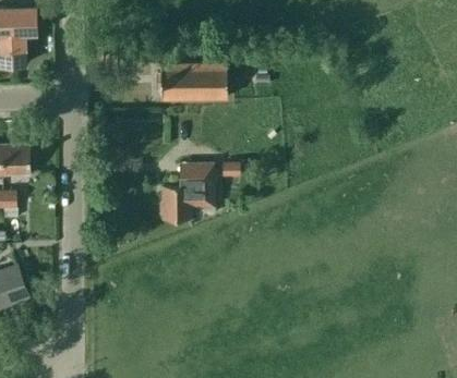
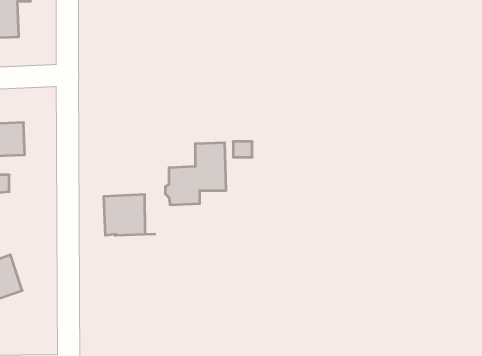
building: [160,62,226,98] -> none
building: none -> [104,194,155,236]

